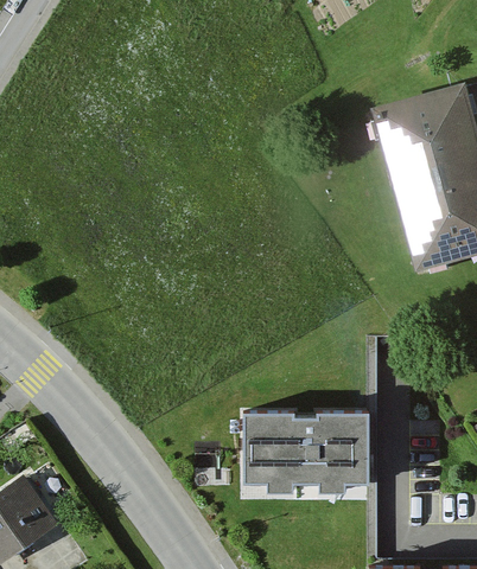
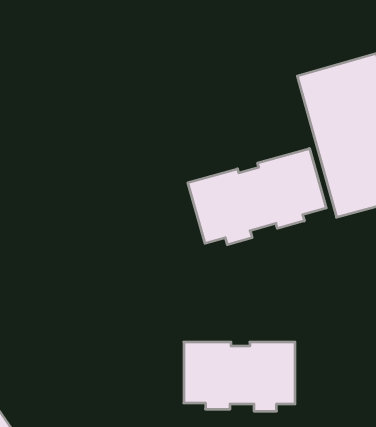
building: none -> [188,148,326,245]

